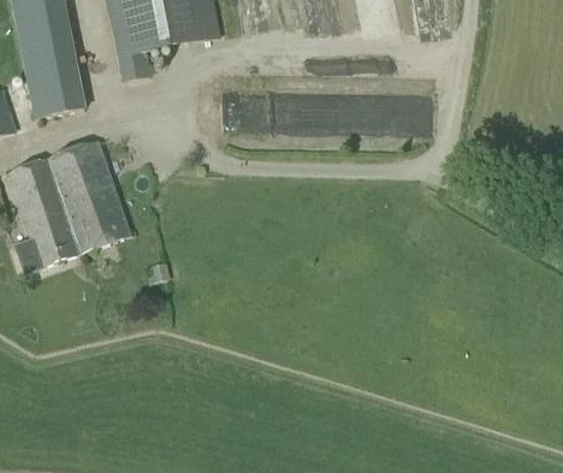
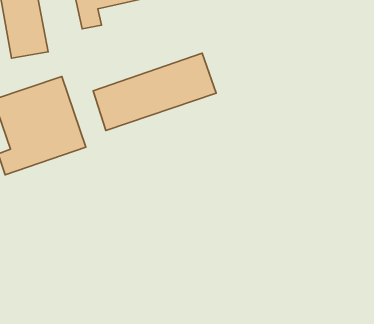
building: none -> [93,53,216,130]

